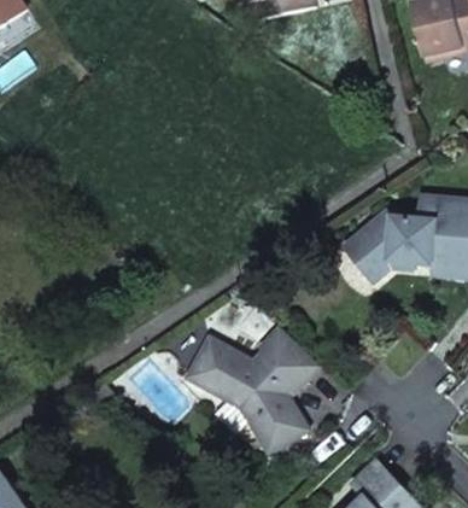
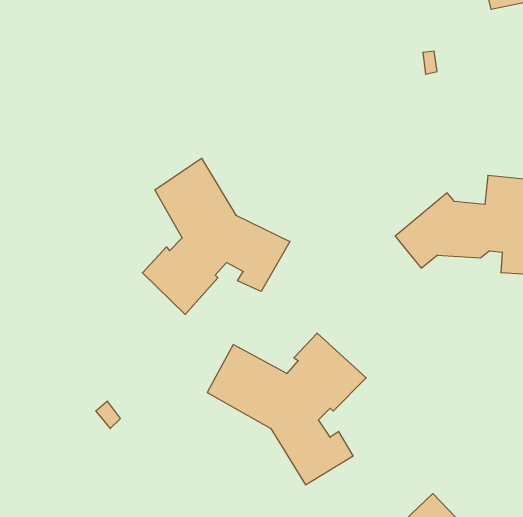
building: none -> [142,158,290,314]

